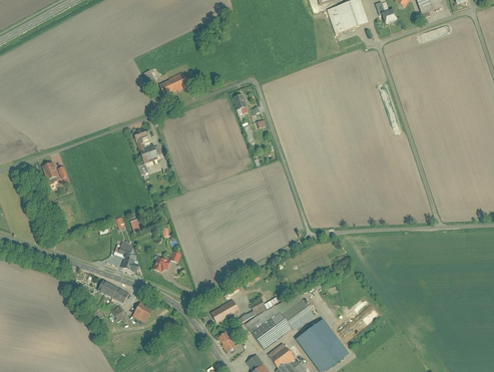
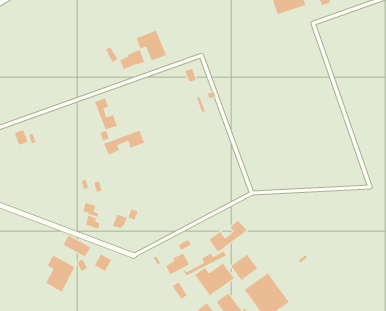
building: none -> [136,30,167,61]
building: none -> [103,130,145,155]
building: none -> [208,220,247,252]
building: none -> [45,255,75,292]

